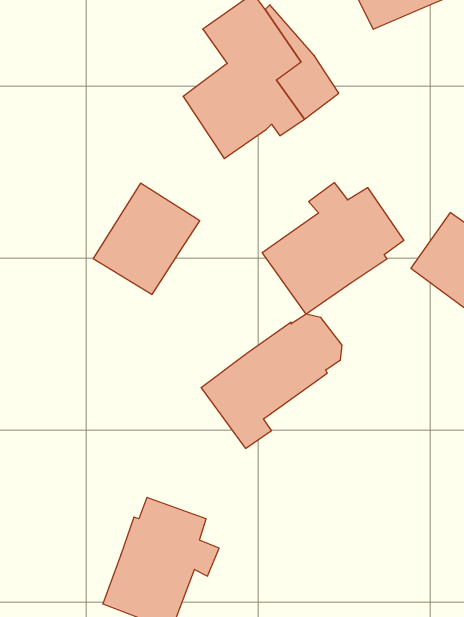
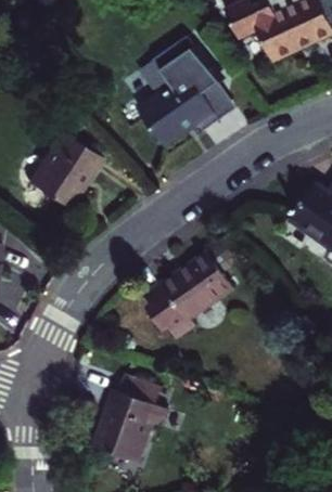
building: [262,183,404,314] -> none
building: [93,183,200,294] -> [29,135,100,209]

